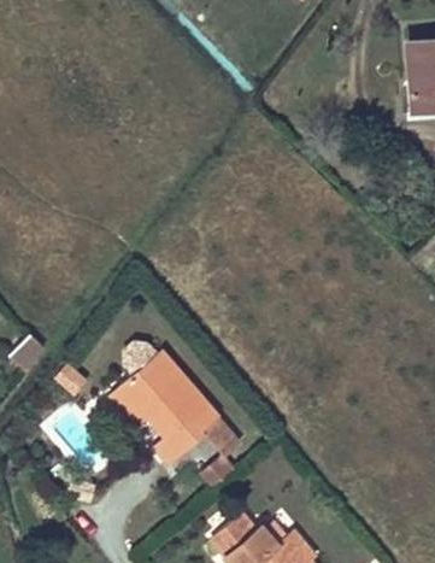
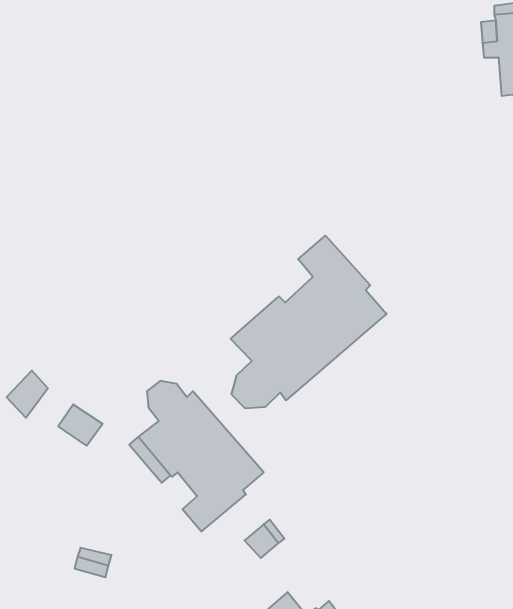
building: none -> [231,236,387,408]

